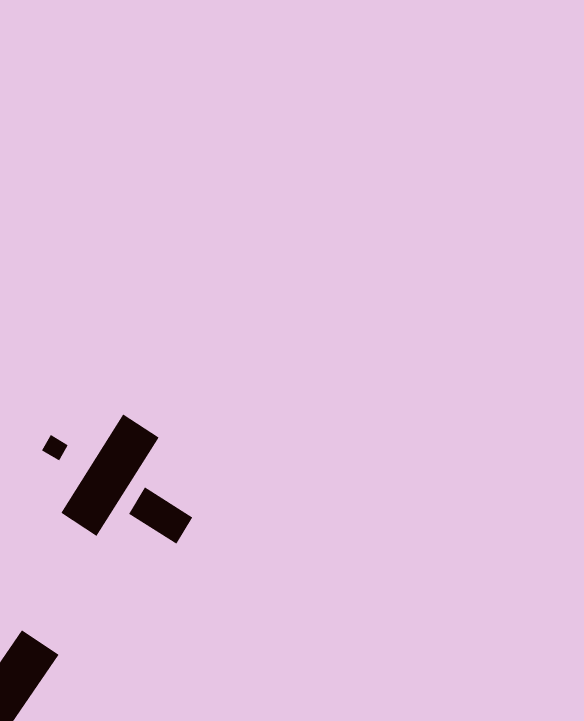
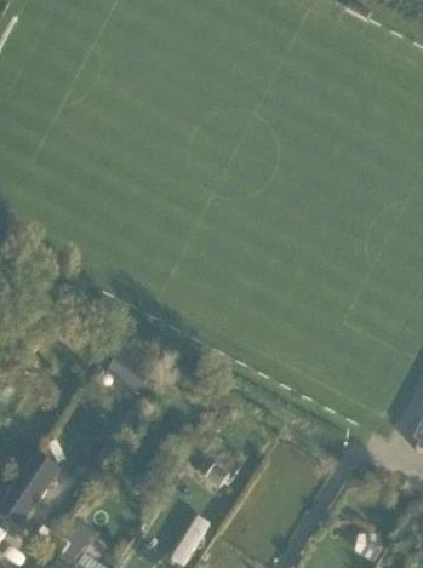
building: [60,414,159,537] -> none

